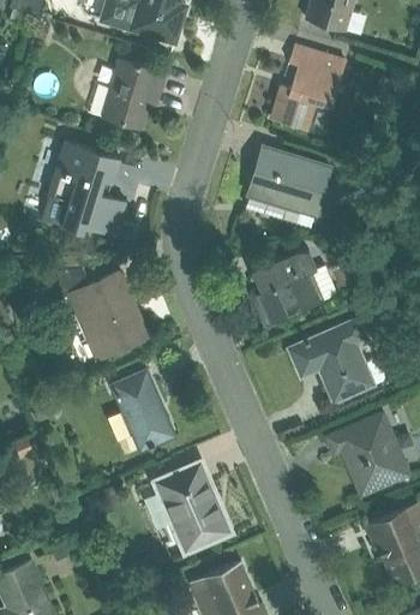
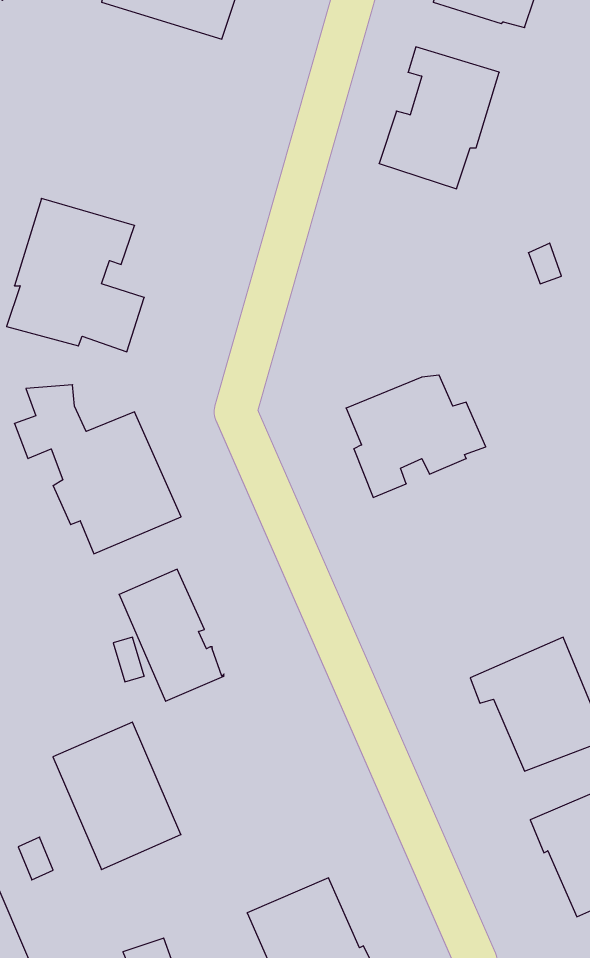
building: [101,56,166,129] -> none
building: [246,147,338,227] -> none
building: [289,318,385,402] -> none
building: [152,462,232,554] -> [53,722,181,870]

